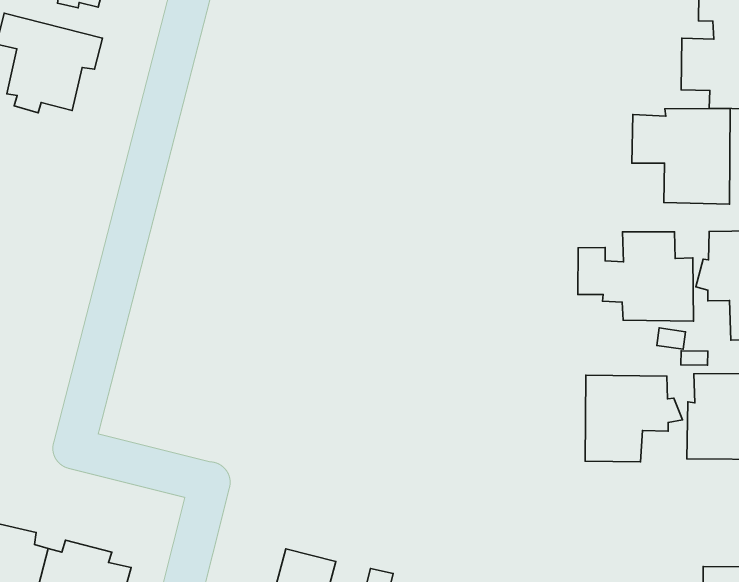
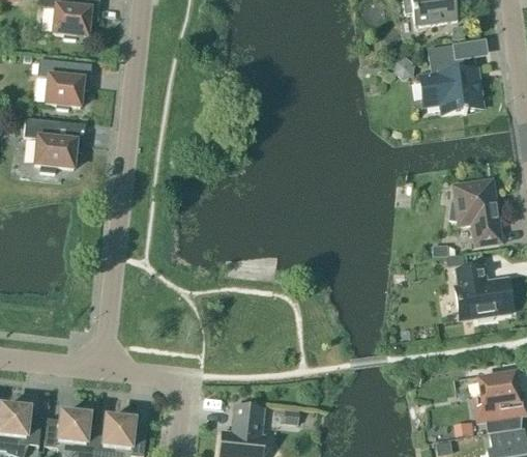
building: [632,108,730,204] -> none
building: [578,232,693,321] -> none
building: [585,375,683,462] -> none

